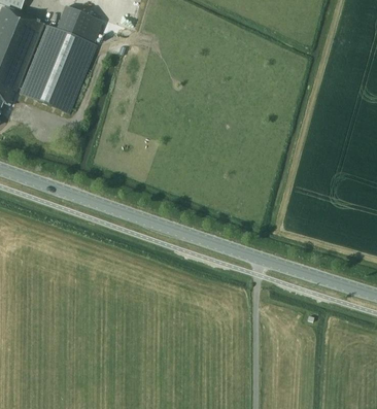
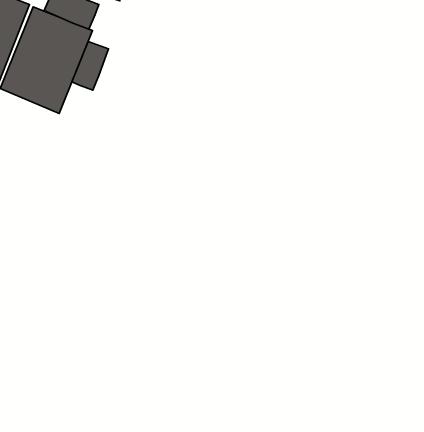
building: none -> [72,41,109,90]

